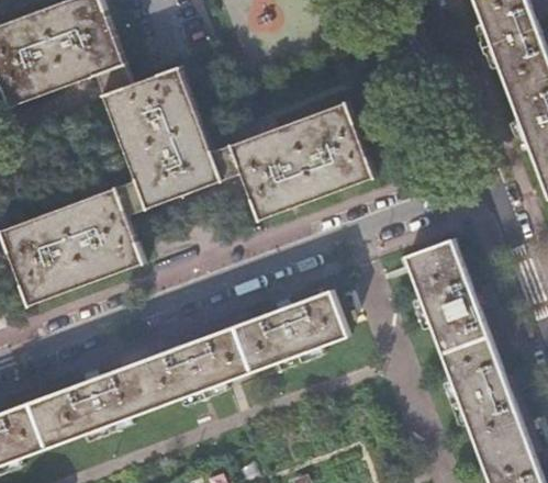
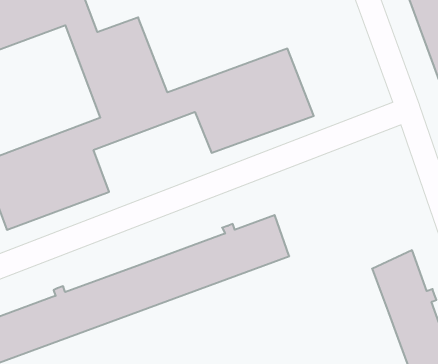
building: [407,239,487,350] -> none

